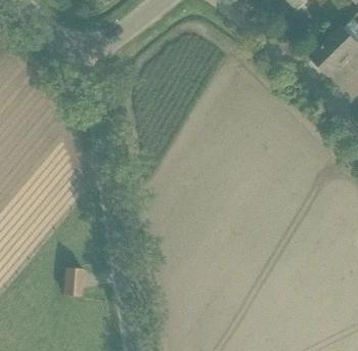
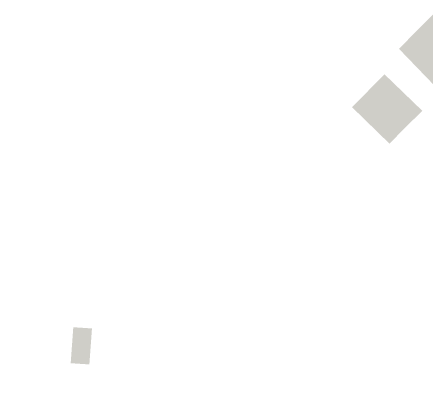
building: none -> [351,74,423,144]

